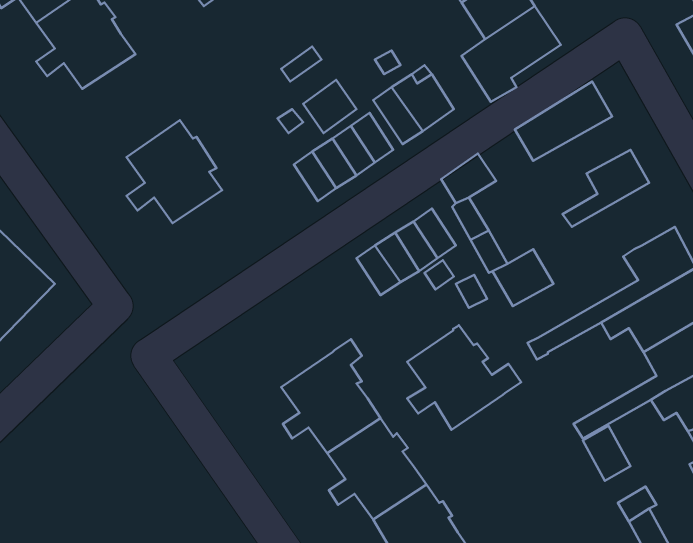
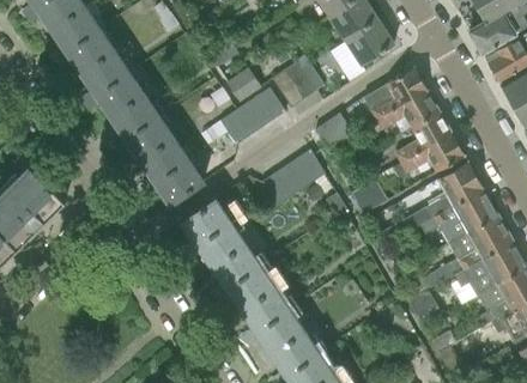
building: none -> [81,49,145,116]
building: none -> [375,90,438,128]
building: none -> [392,133,464,176]
building: none -> [140,136,205,203]
building: [407,325,521,430] -> [182,197,256,266]

